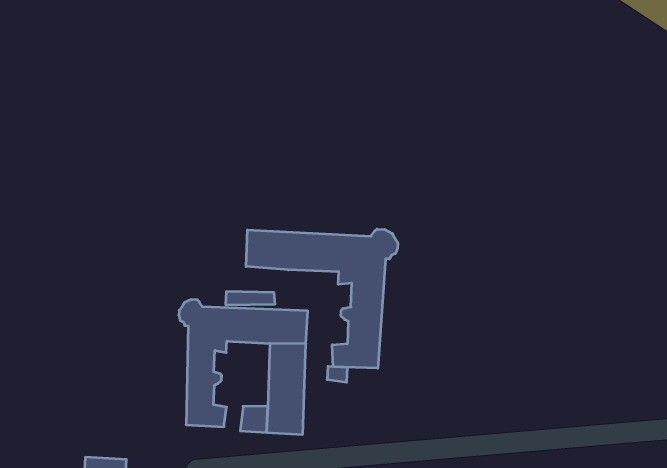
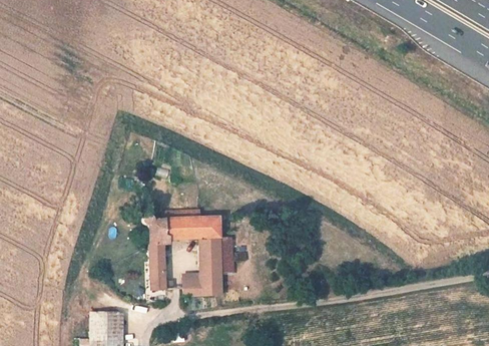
building: [246,229,398,368] -> none

